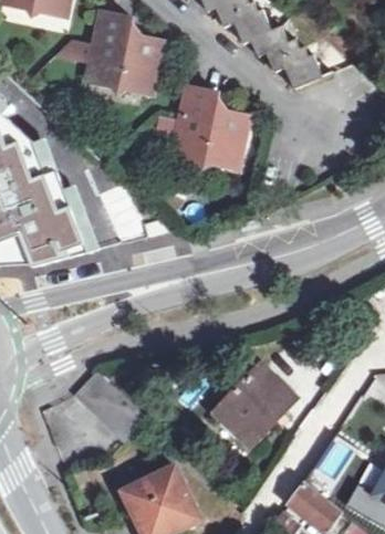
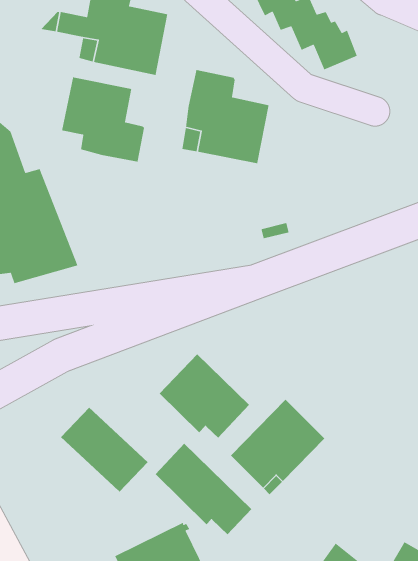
building: none -> [61,77,145,162]
building: none -> [159,353,250,438]
building: none -> [155,443,252,535]

